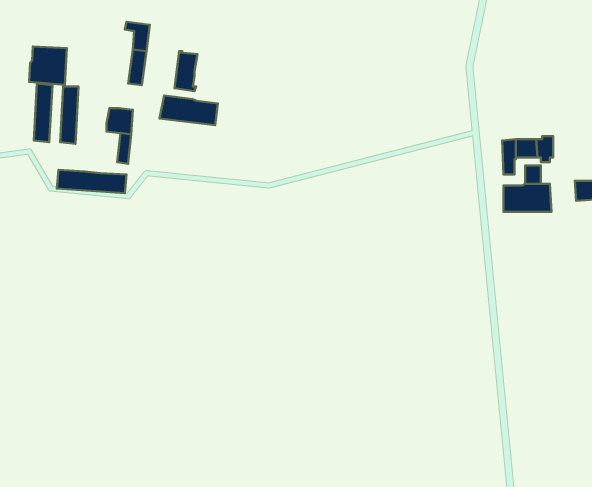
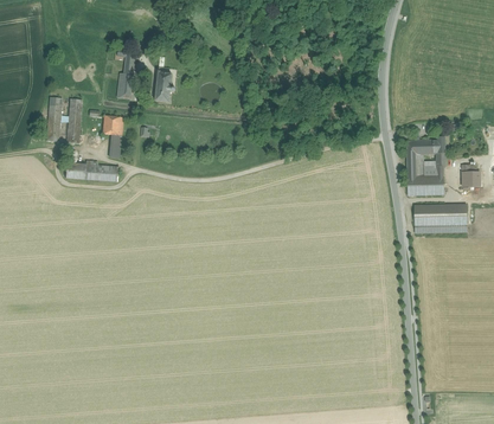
building: [29,46,67,85] -> none
building: [159,96,218,125] -> none
building: none -> [413,204,466,231]

